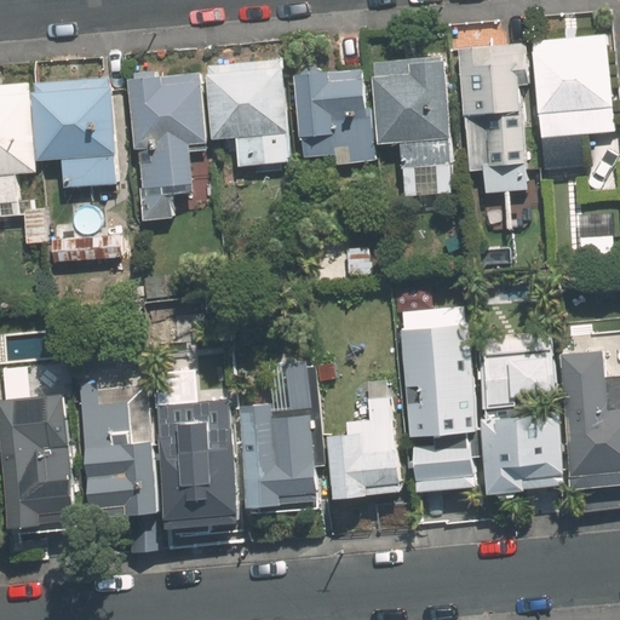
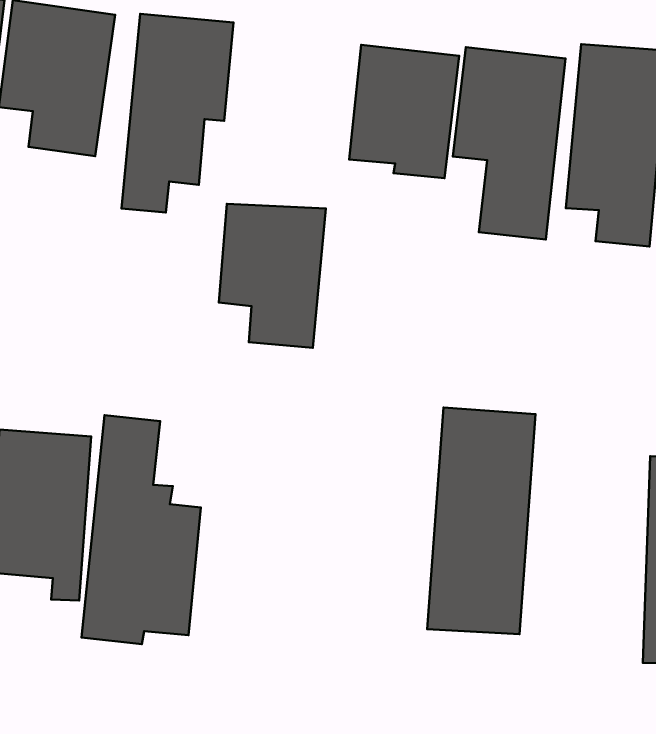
building: [206,59,286,166] -> [219,204,326,348]
building: [476,332,567,494] -> none
building: [239,363,315,512] -> none
building: [328,395,403,496] -> none

